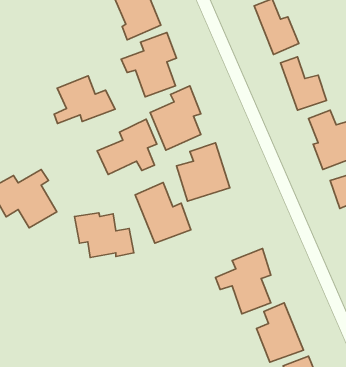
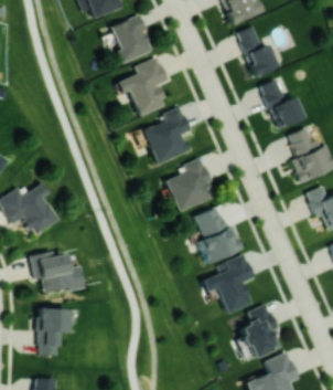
building: [54,76,115,123] -> none
building: [97,119,157,175] -> none
building: [135,183,191,243] -> [192,207,243,262]
building: [75,213,134,258] -> [30,252,84,293]
building: none -> [39,307,68,356]

